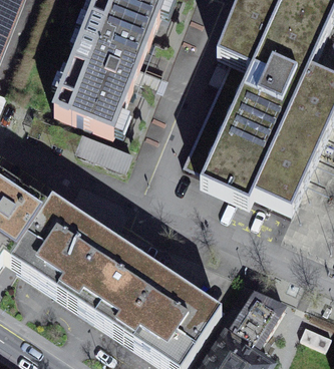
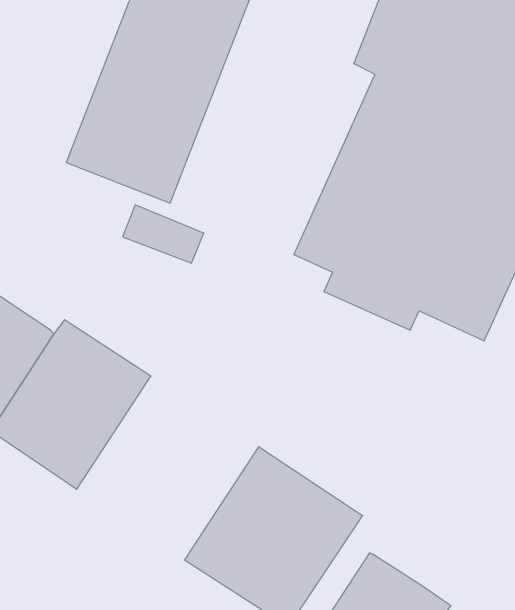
building: [60,227,163,331] -> none
building: [229,286,285,346] -> none

